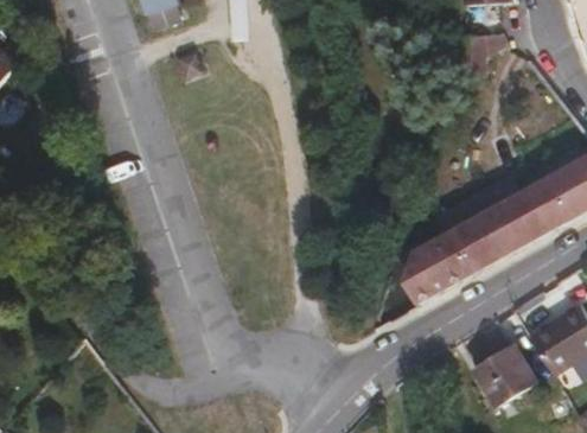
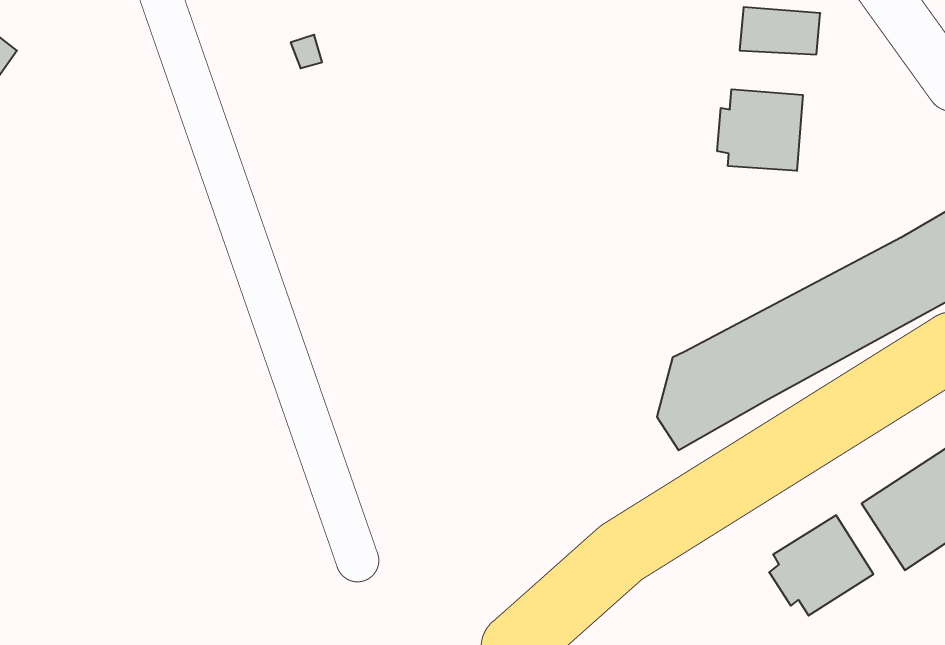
building: none -> [717,89,803,171]

